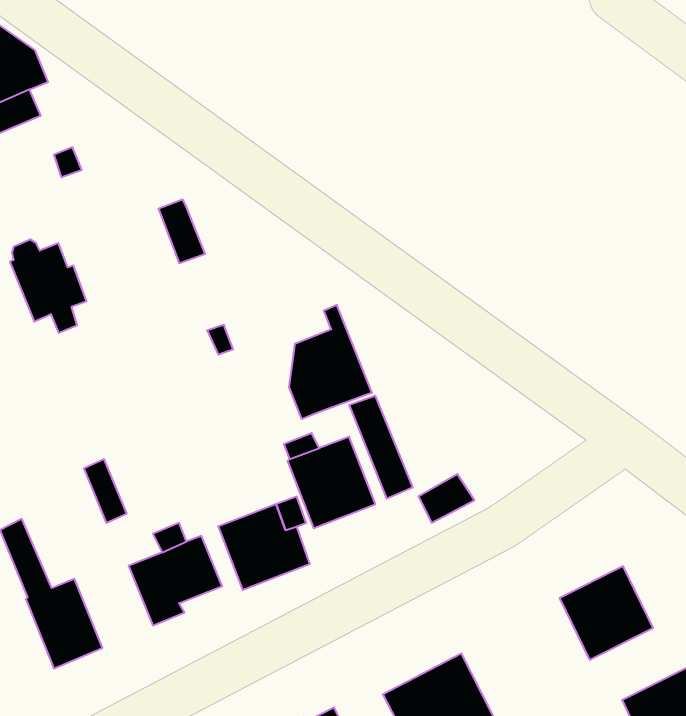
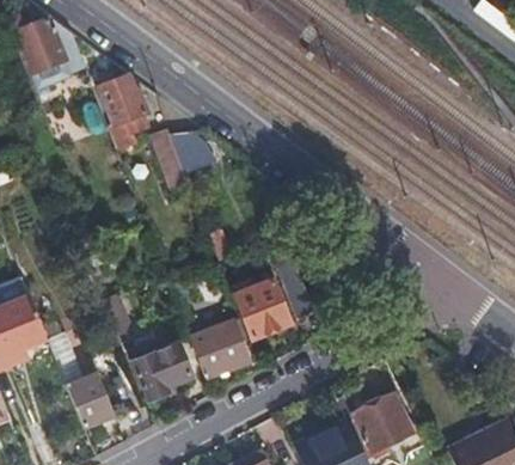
building: none -> [170,131,217,175]
building: [10,239,87,333] -> [99,73,148,133]
building: [289,305,372,419] -> none
building: [560,566,653,660] -> [354,393,413,453]

